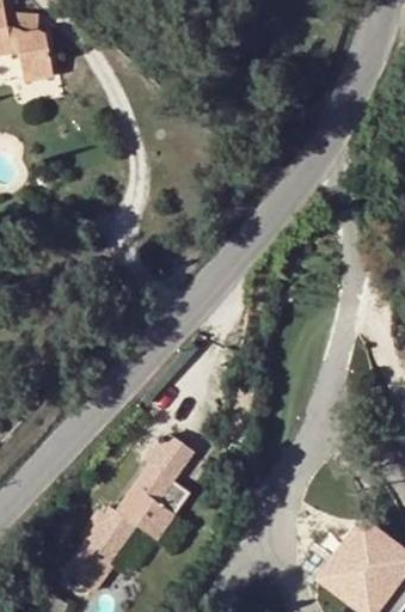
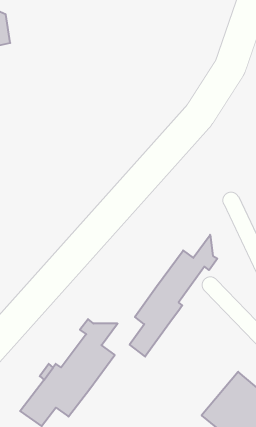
building: none -> [130,235,217,357]

